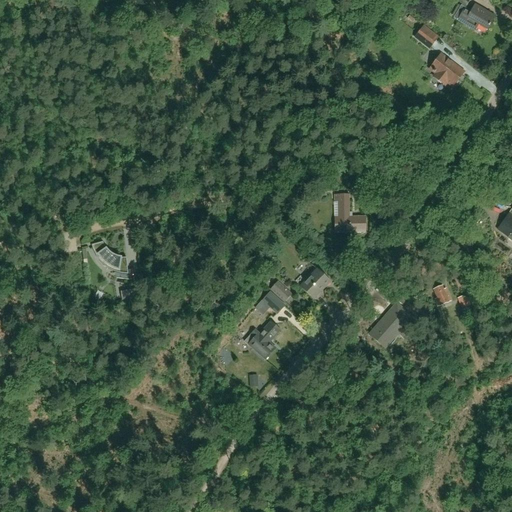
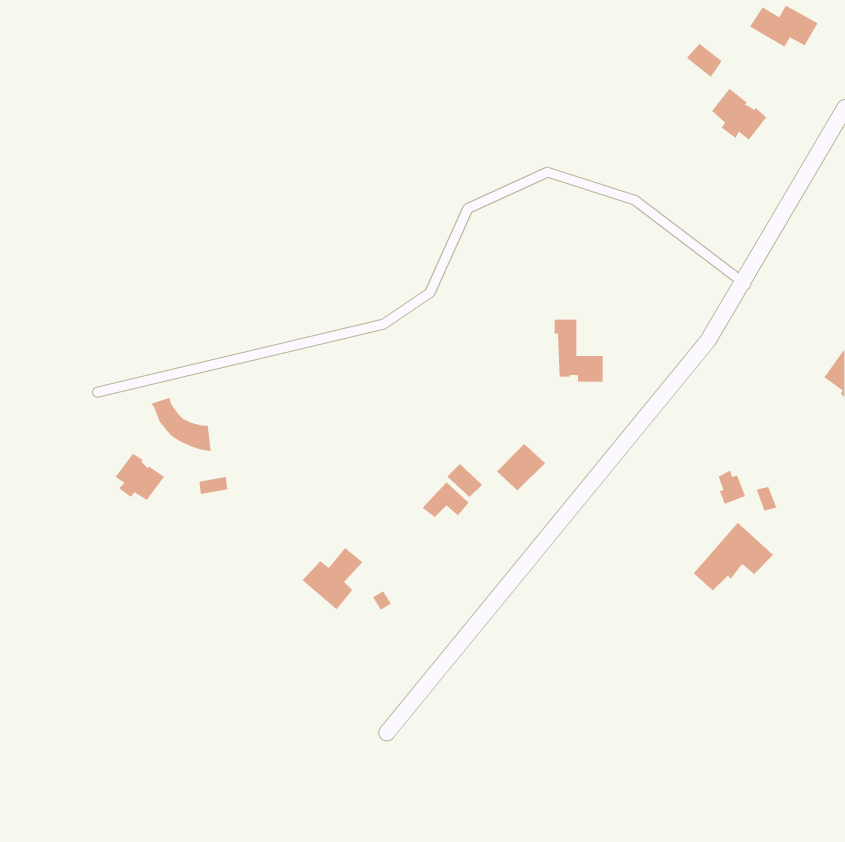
building: none -> [115,453,165,501]
building: [370,302,419,344] -> [693,522,774,591]
building: [244,320,281,358] -> [302,547,363,610]

